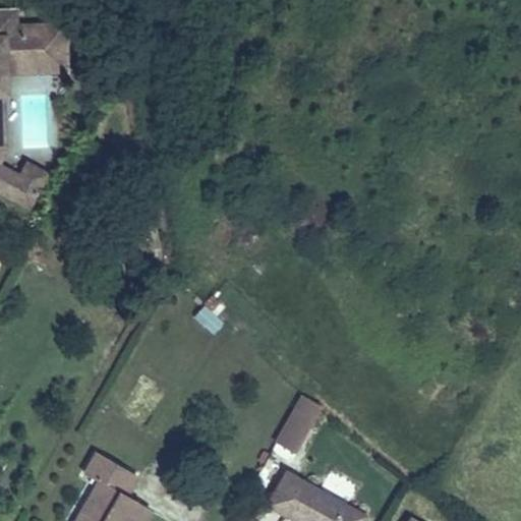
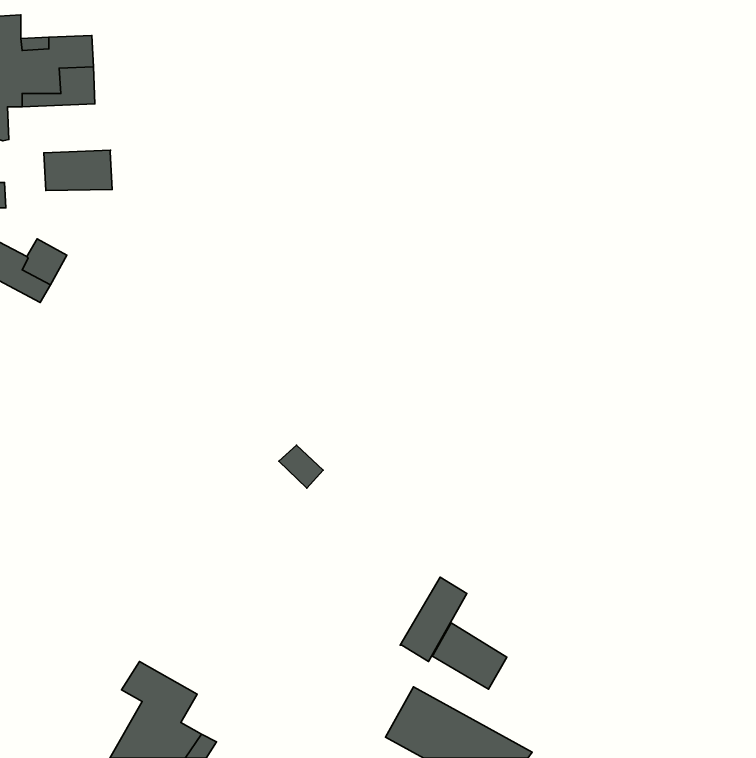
building: none -> [44,150,112,191]
building: none -> [432,623,507,689]

